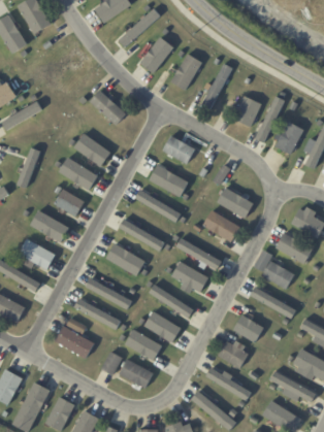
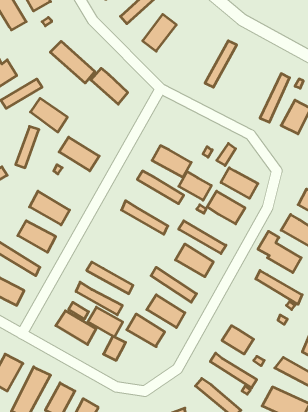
building: [170,54,201,90] -> none
building: none -> [50,41,95,83]
building: [233,95,262,127] -> none
building: [74,133,110,166] -> [30,98,67,132]
building: [163,135,195,163] -> [179,172,211,200]
building: [54,189,85,217] -> none
building: [106,243,145,275] -> none
building: [233,314,264,342] -> none
building: [120,359,154,388] -> [88,307,123,337]

